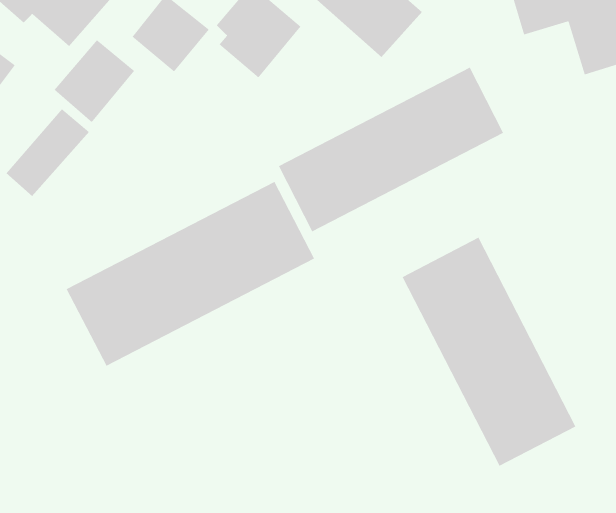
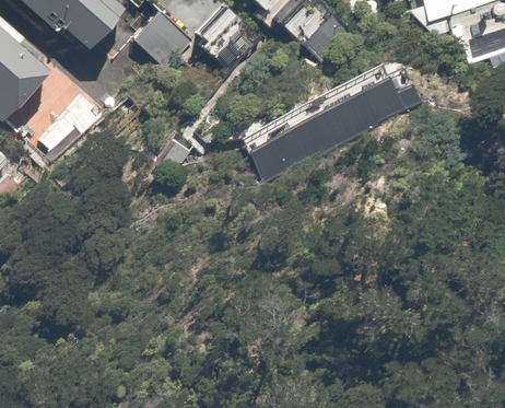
building: [54,39,135,123] -> none
building: [66,181,315,367] -> none
building: [401,237,577,467] -> none

